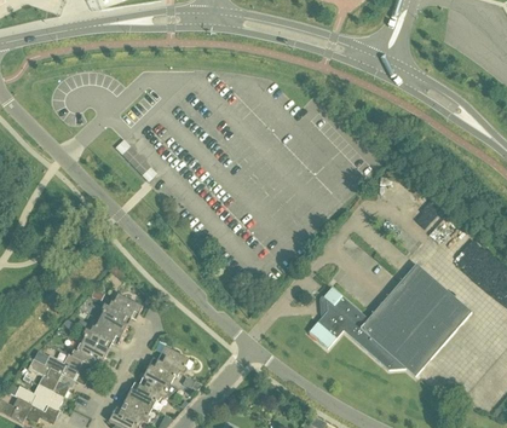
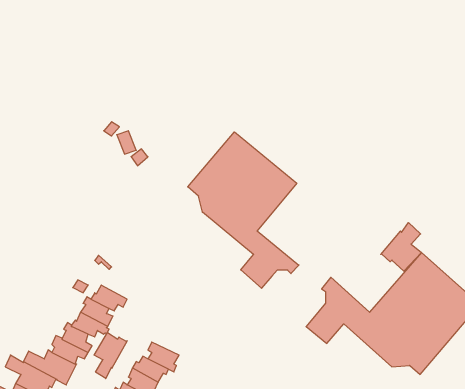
building: none -> [188,132,299,288]
building: none -> [381,223,421,271]
building: none -> [94,333,127,379]

